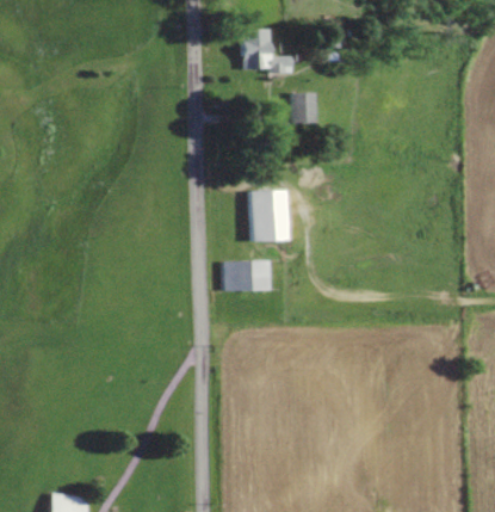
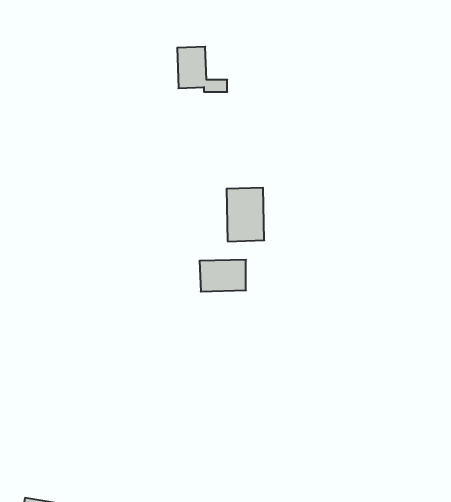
building: [243,29,292,73] -> [177,47,227,92]
building: [292,92,316,122] -> none

